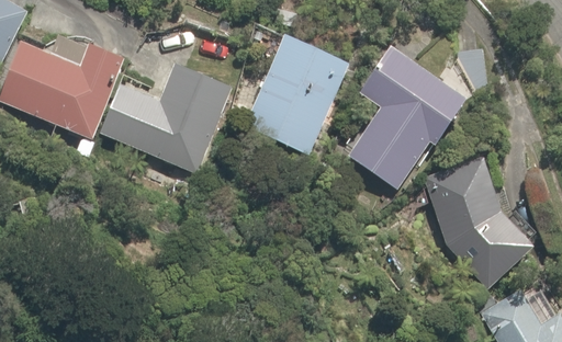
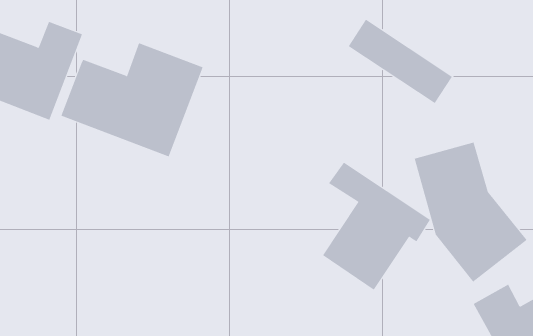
building: [246,33,349,151] -> none
building: [347,68,448,187] -> [322,162,431,291]

